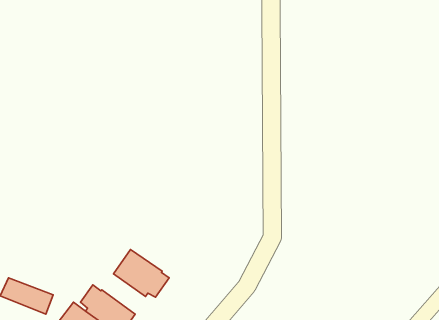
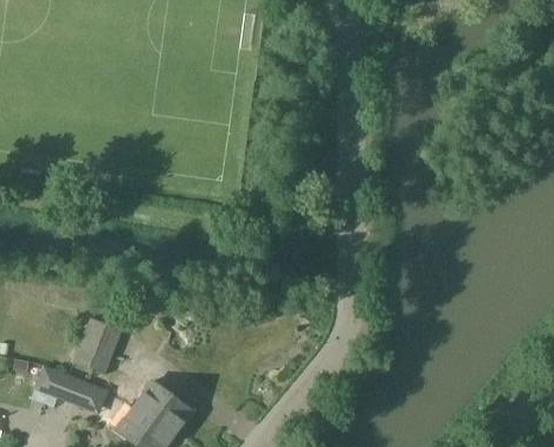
building: none -> [75,318,123,374]
building: [113,250,169,297] -> none

